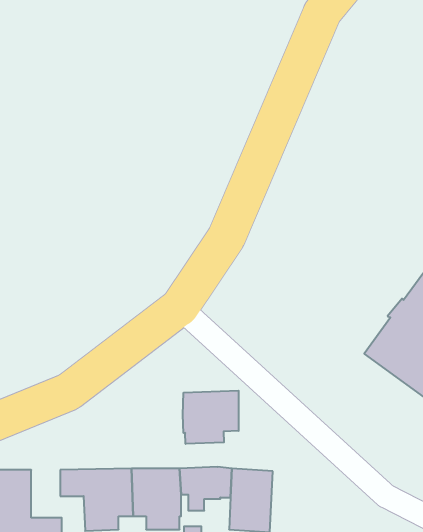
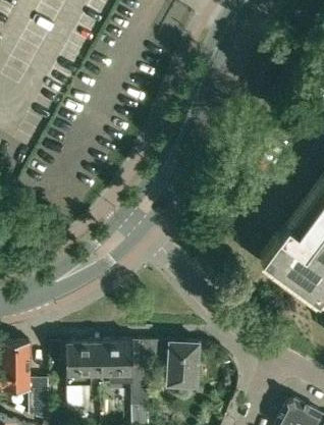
building: [183,391,239,444] -> none

